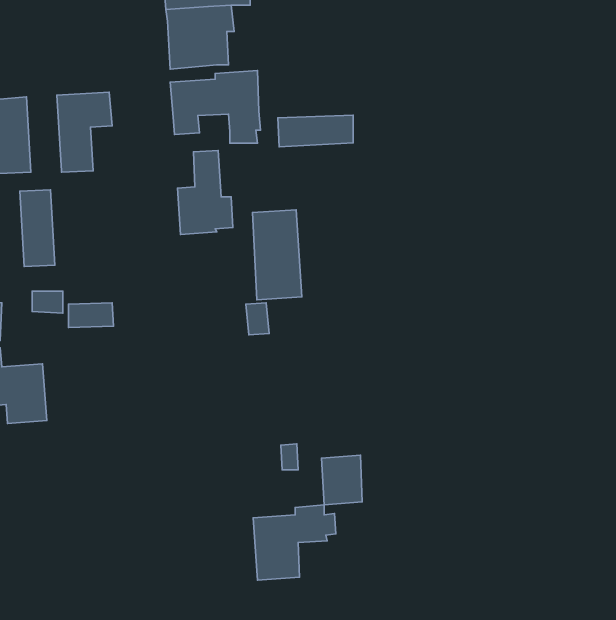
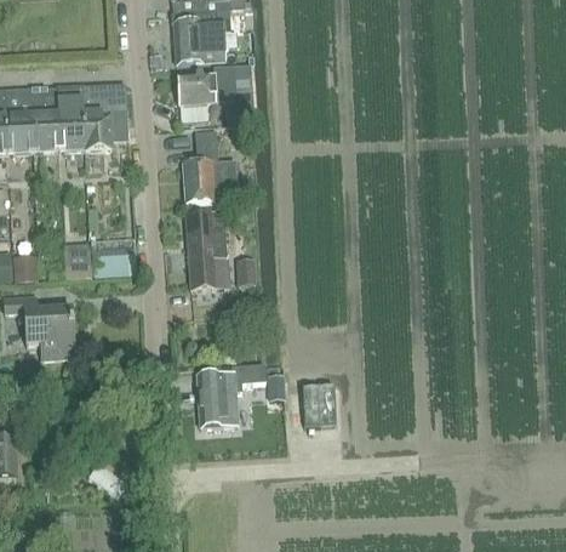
building: [278,115,353,147] -> none
building: [20,190,55,267] -> [56,84,85,148]
building: [253,210,302,300] -> [187,212,228,288]
building: [253,505,336,580] -> [196,363,265,426]

